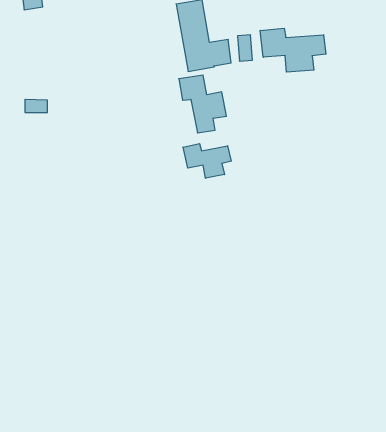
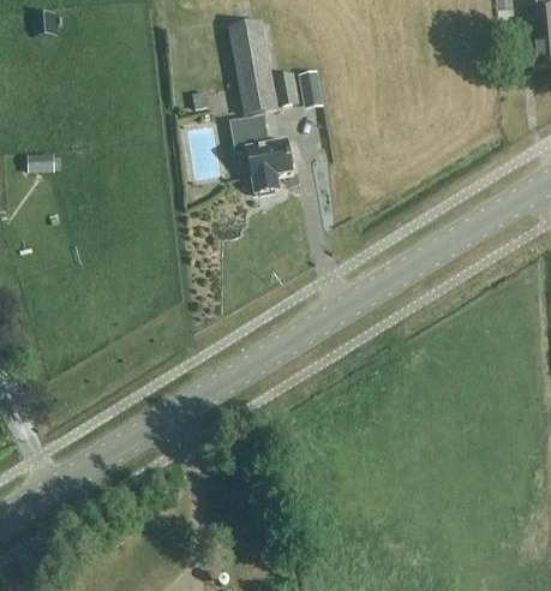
building: [260,28,326,72] -> none
building: [183,144,231,178] -> none

